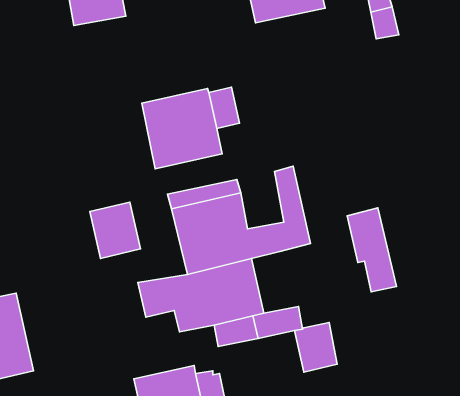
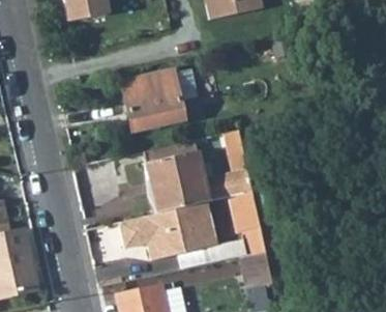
building: [347,208,397,292] -> [228,190,266,255]

